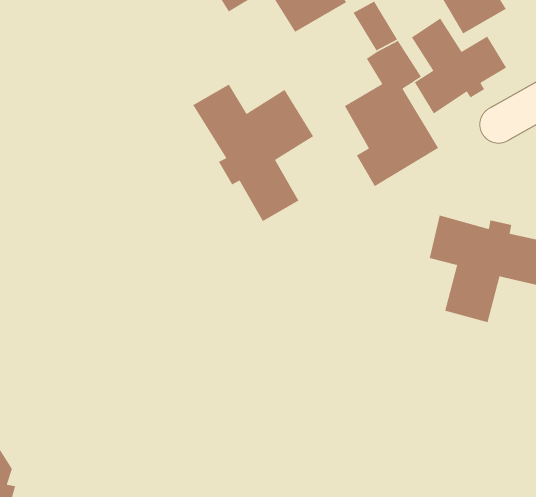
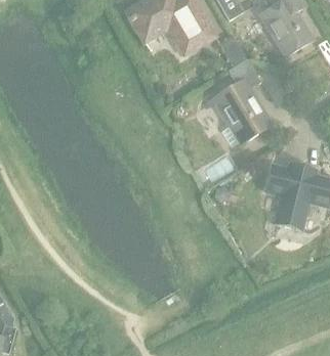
building: [411,18,507,115] -> none
building: [192,83,314,222] -> none

